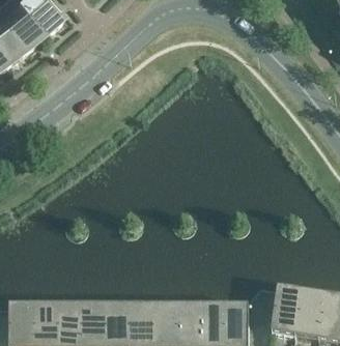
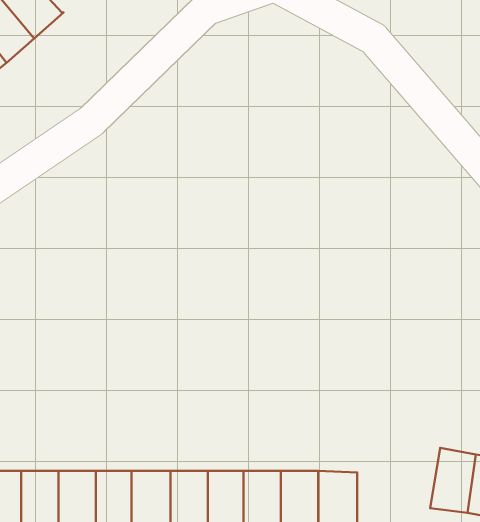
building: [272,293,302,335] -> none

